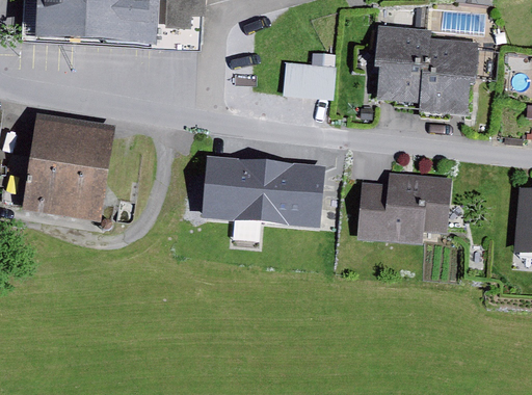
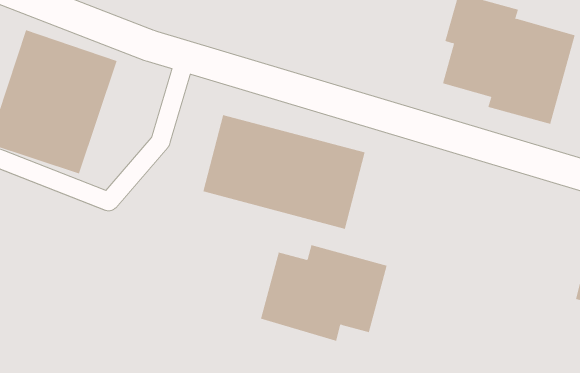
building: [283,59,334,99] -> none
building: [357,169,452,243] -> [260,244,388,341]

